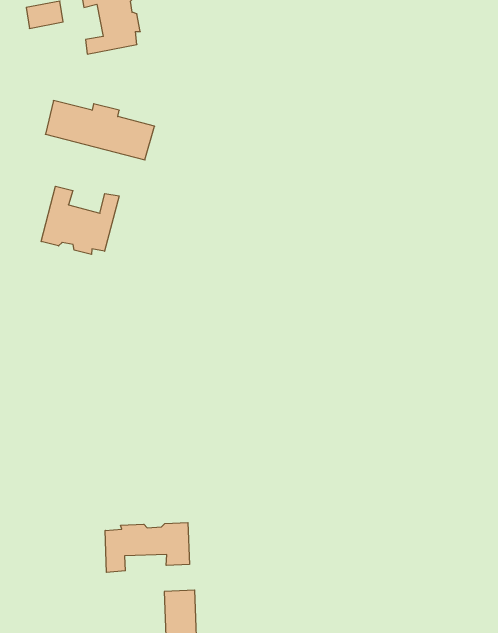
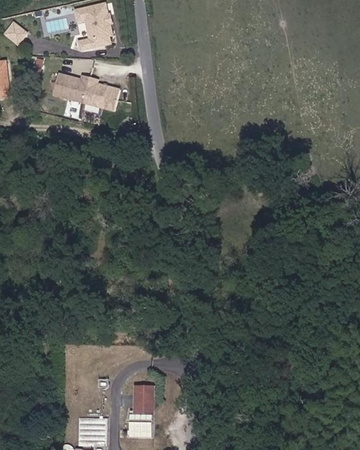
building: [41,186,119,254] -> none
building: [105,523,189,572] -> none

